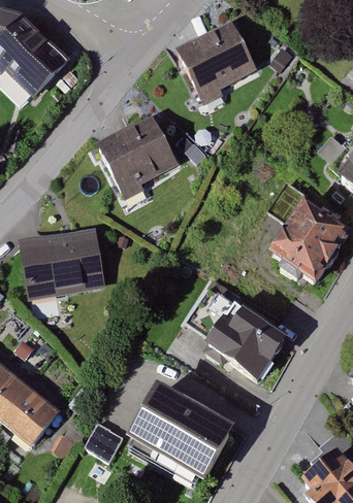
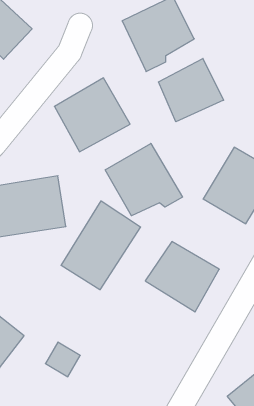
building: none -> [158,58,224,122]
building: none -> [105,143,183,216]
building: none -> [61,201,141,290]
building: [127,380,237,480] -> none

